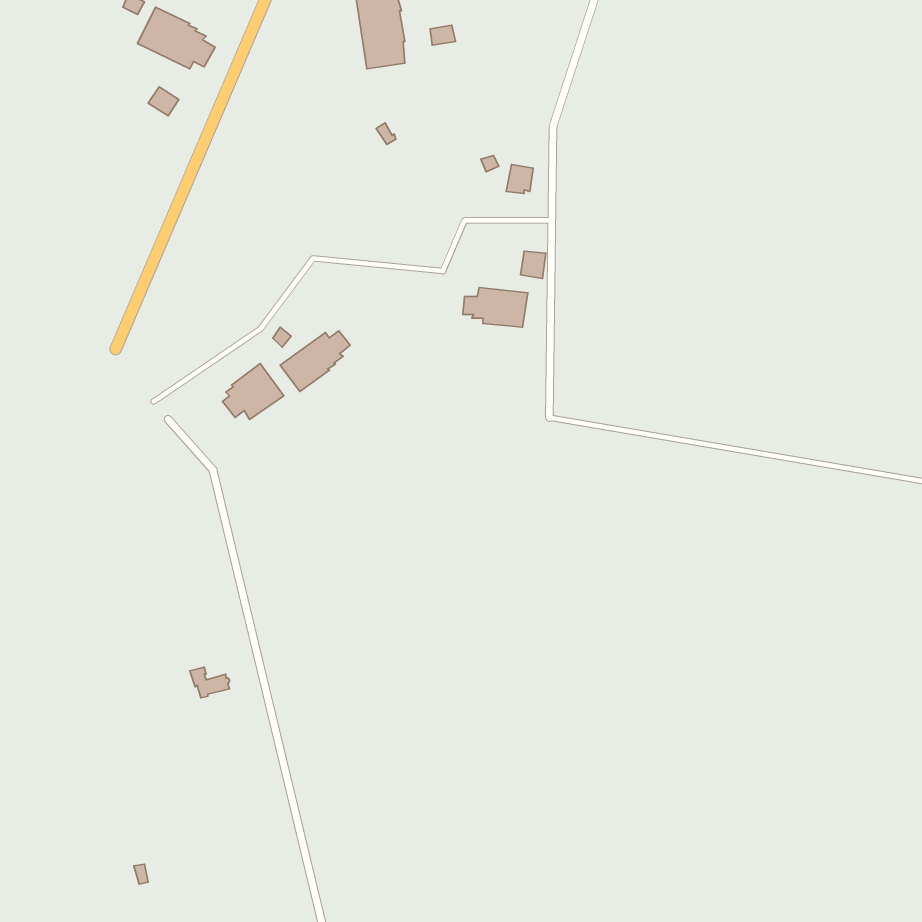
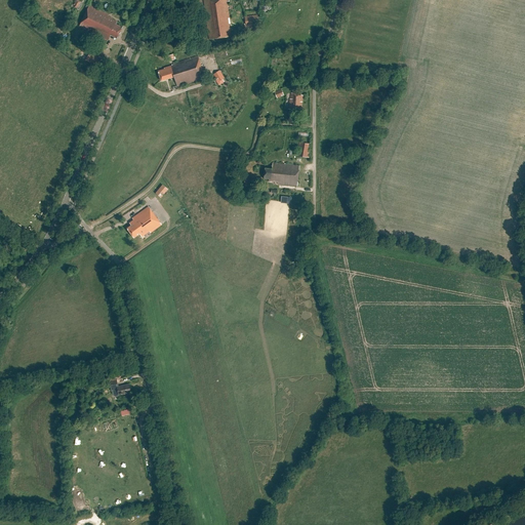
building: none -> [157,55,204,86]
building: [280,331,350,391] -> none

